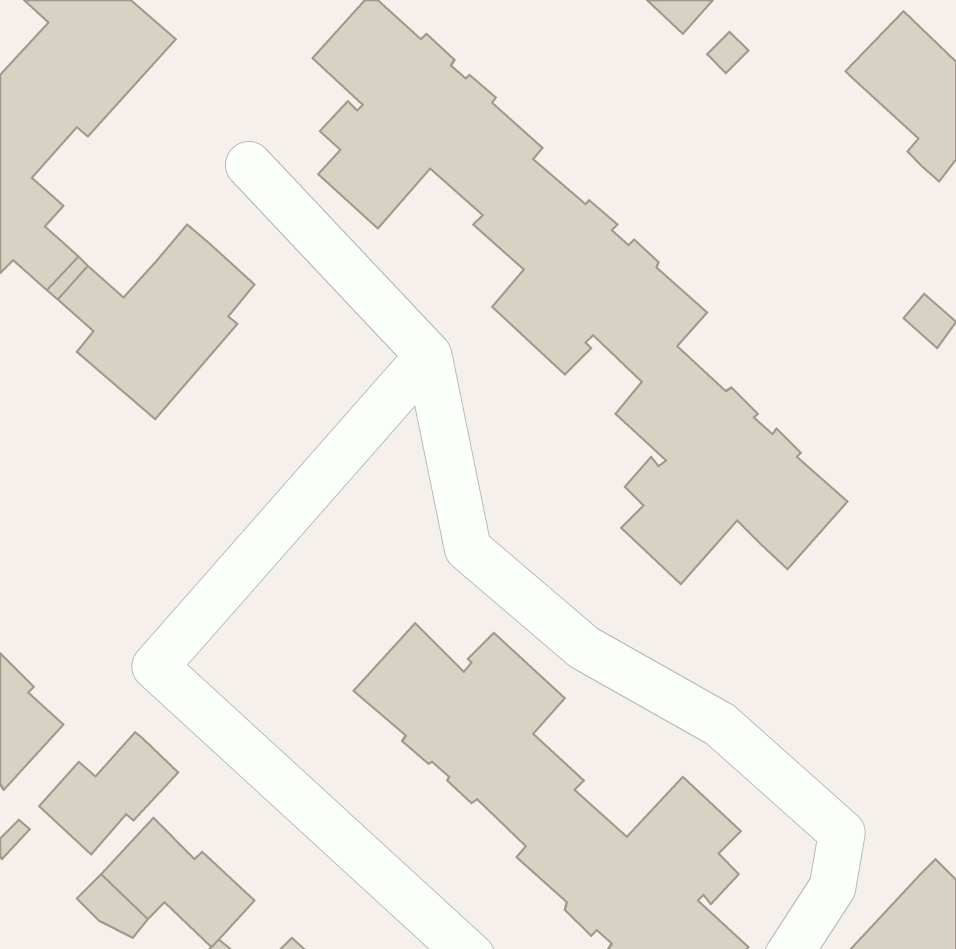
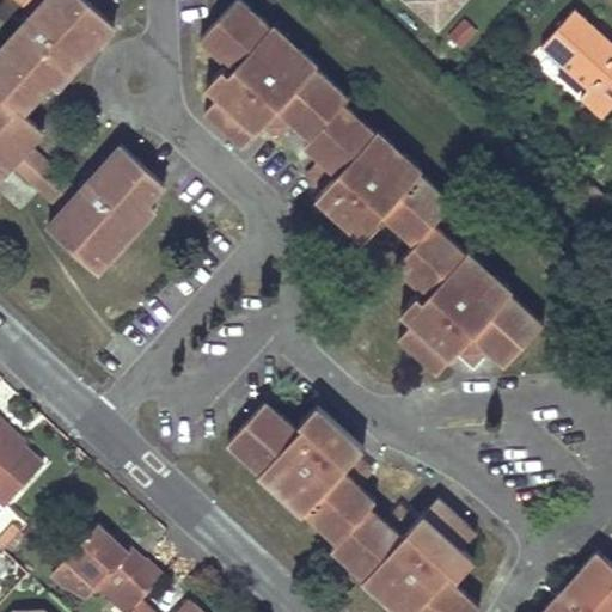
building: [39,732,178,855] -> none

